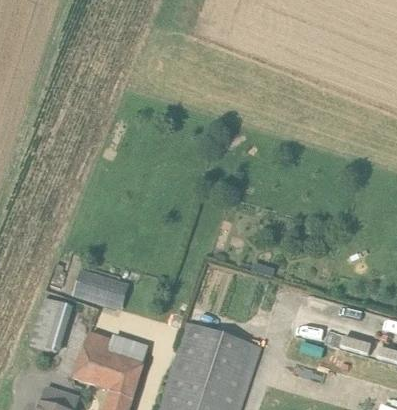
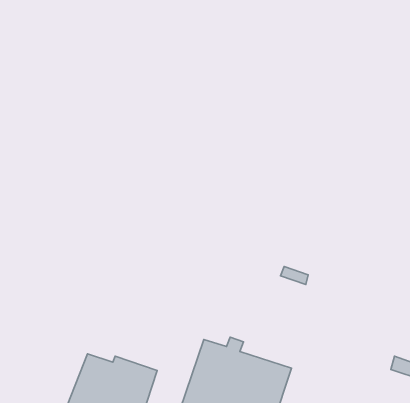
building: [75,272,120,306] -> none
building: [31,300,71,354] -> none

